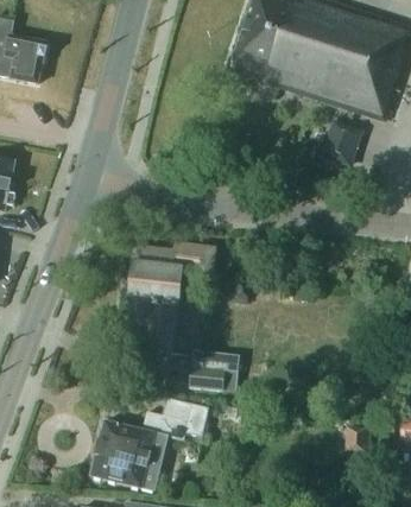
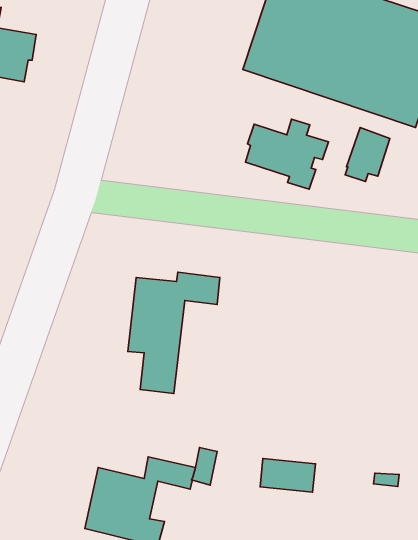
building: none -> [245,119,328,189]
building: [189,361,238,391] -> [260,458,315,492]

